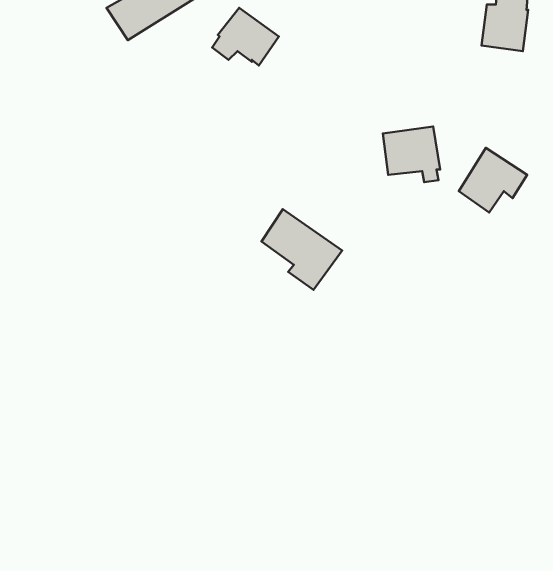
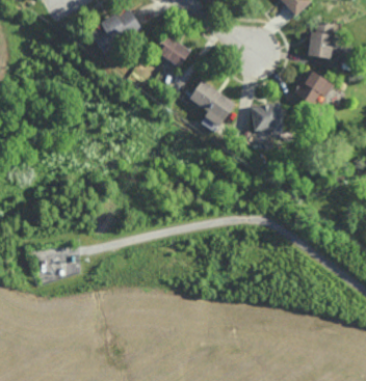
building: [459,148,527,213] -> [294,67,334,105]
building: [261,209,342,290] -> [189,79,236,126]

